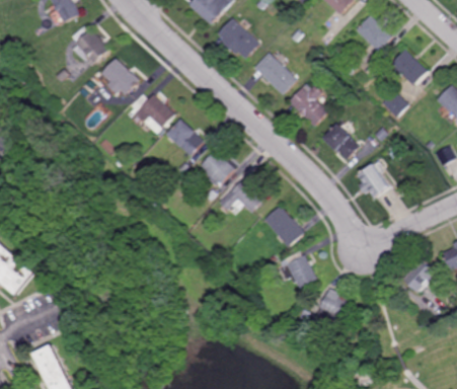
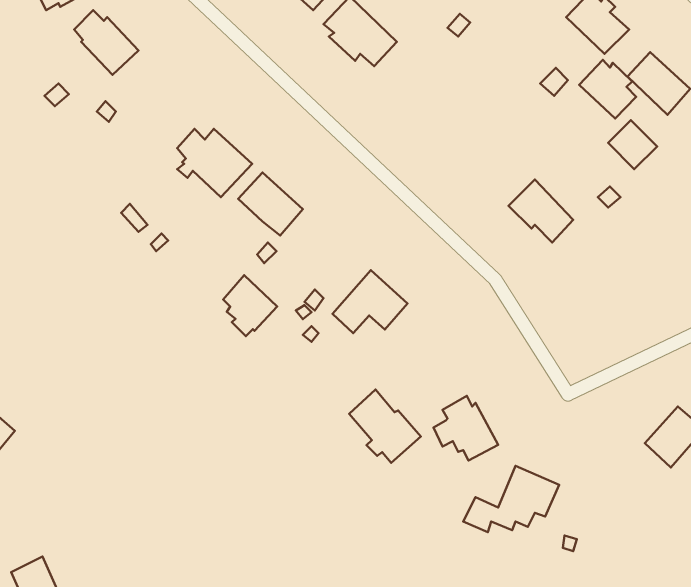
building: [252,53,296,96] -> none
building: none -> [579,60,636,118]
building: [101,60,139,96] -> none
building: [288,84,328,128] -> none
building: [202,151,233,186] -> [223,275,277,336]
building: [357,161,387,196] -> none
building: [263,205,305,247] -> [349,389,421,463]

